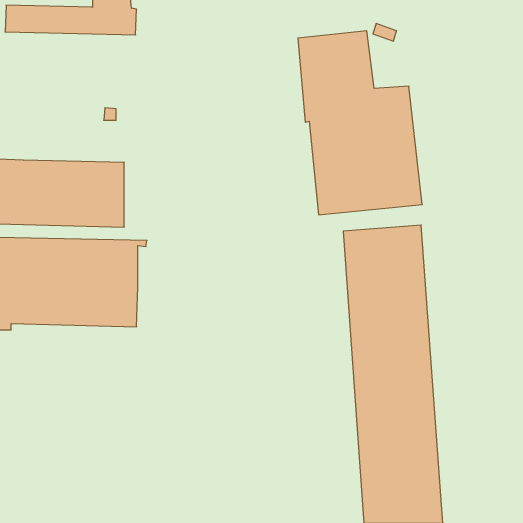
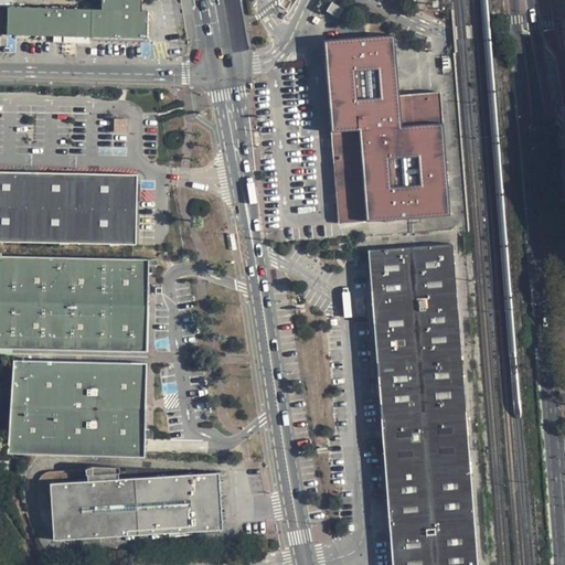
building: none -> [10,359,146,456]
building: none -> [47,466,218,537]

